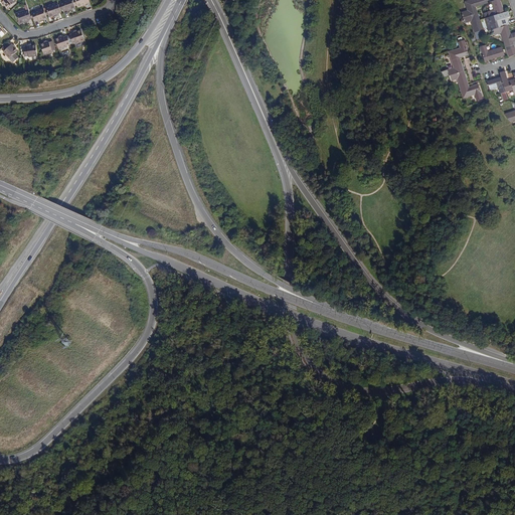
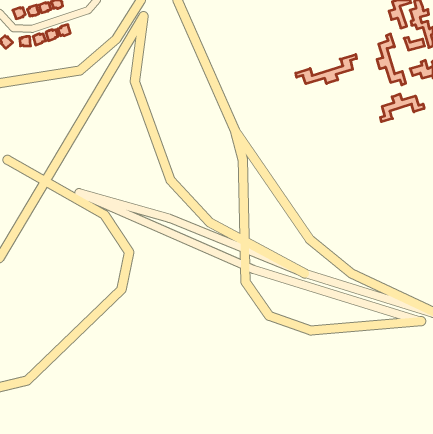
building: none -> [296,54,357,84]
building: none -> [380,94,424,122]

